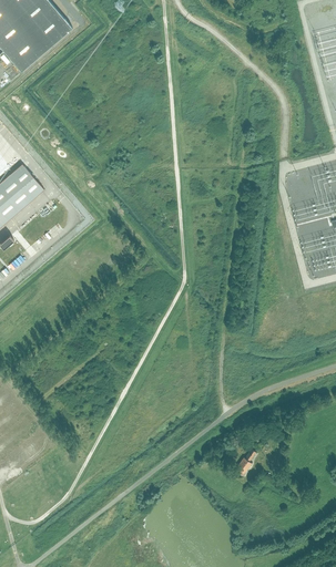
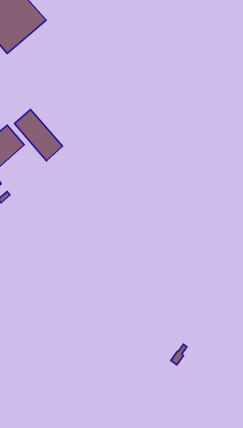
building: none -> [15,110,62,161]

